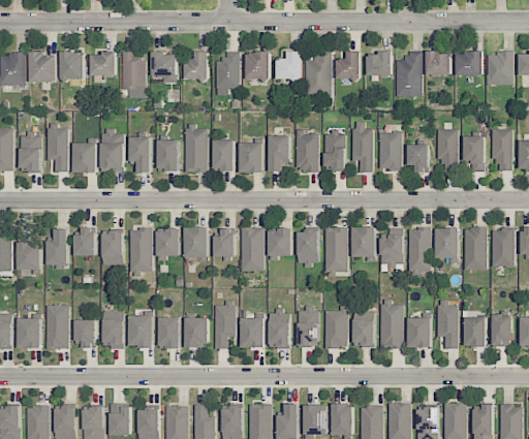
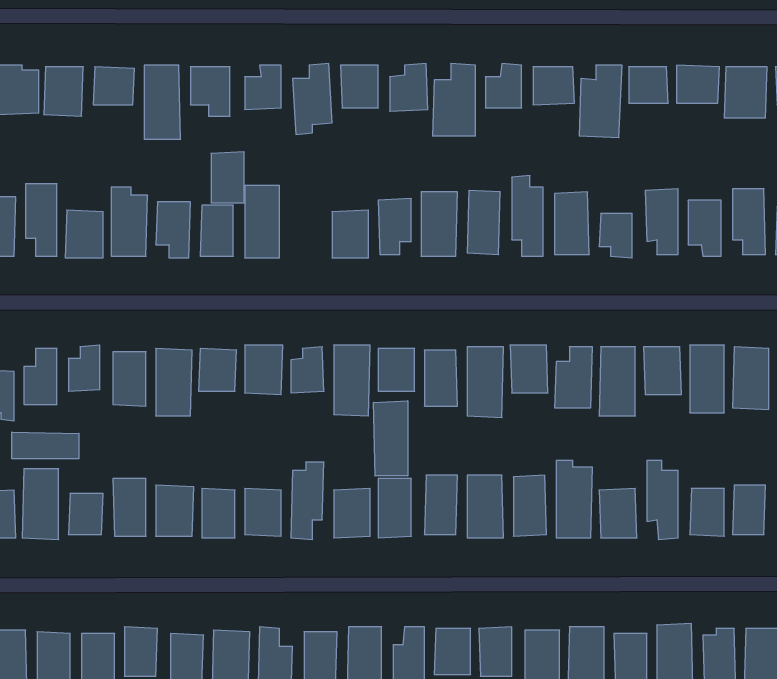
building: [213,139,234,171] -> [211,152,244,203]
building: none -> [374,401,408,476]
building: none -> [12,432,79,459]

